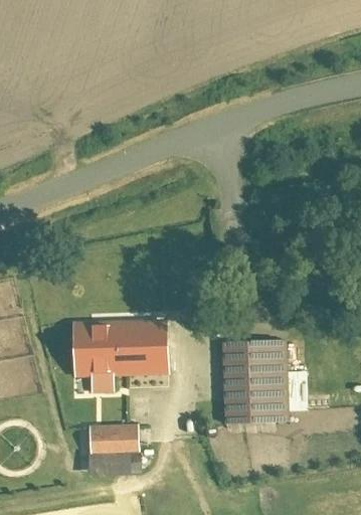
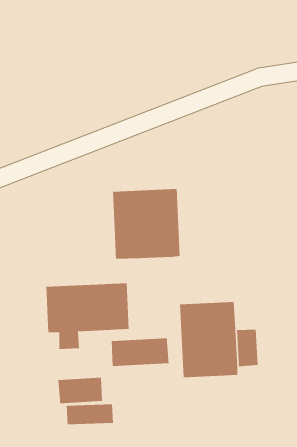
building: none -> [112,188,180,260]
building: none -> [111,338,169,367]

